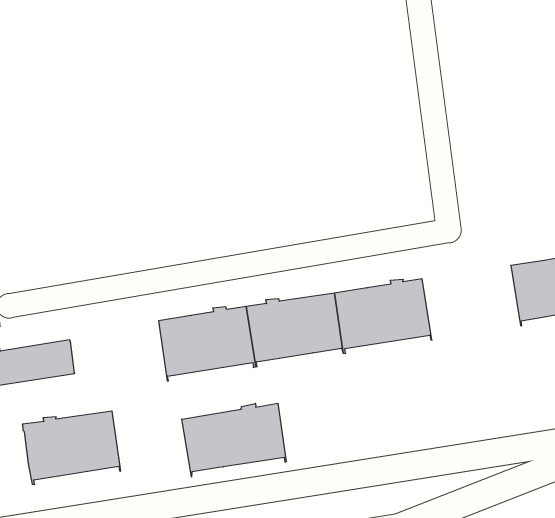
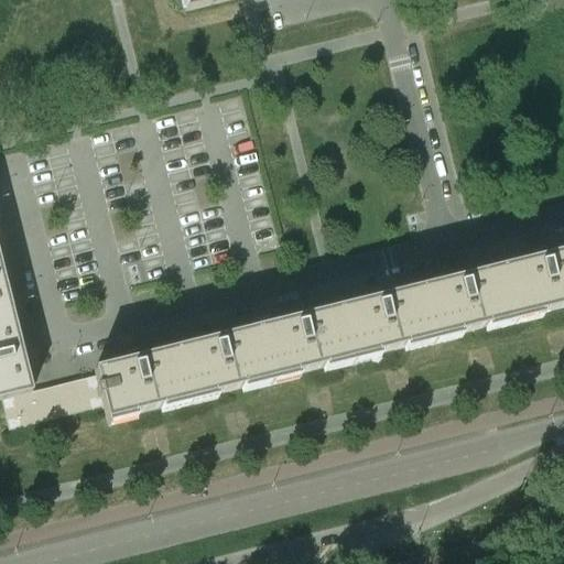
building: none -> [419,263,514,339]
building: [182,403,286,477] -> none
building: [22,411,121,484] -> [94,345,189,420]

